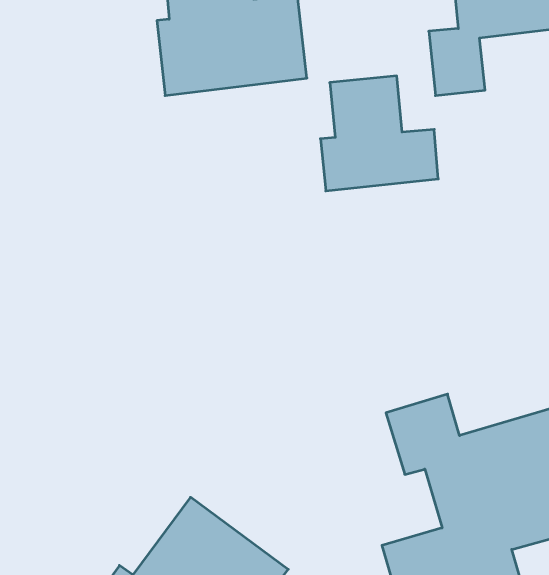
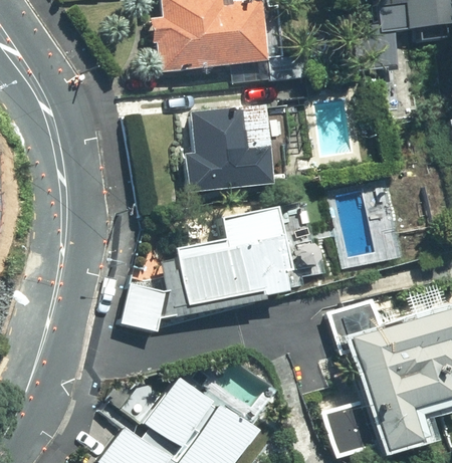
building: [320,76,438,191] -> [186,105,274,192]
building: none -> [126,205,296,330]

